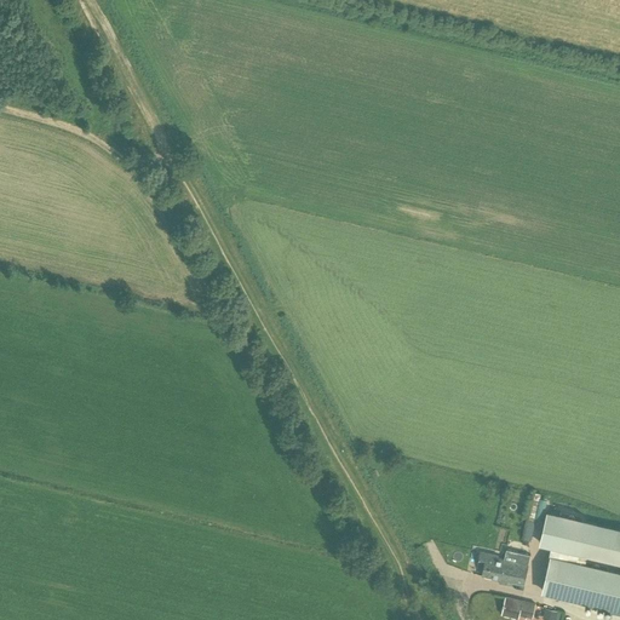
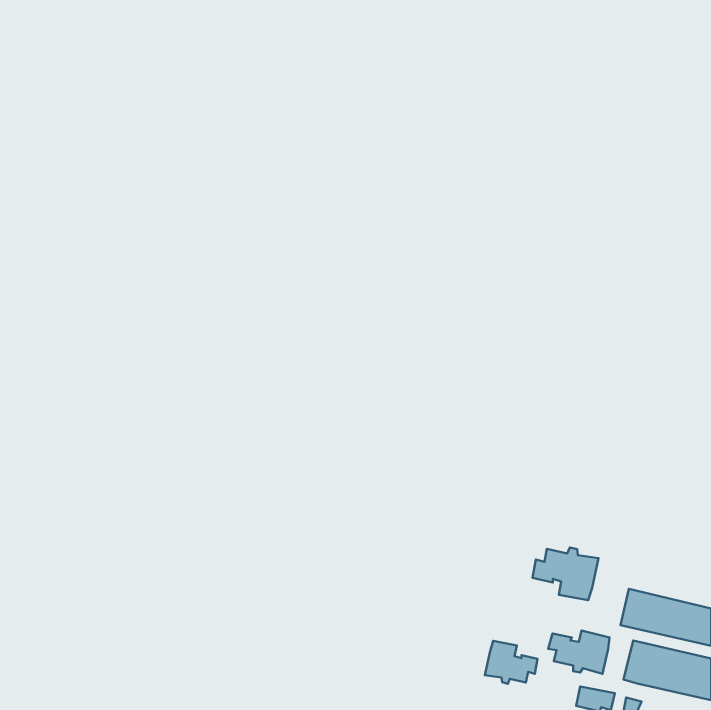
building: none -> [533,547,599,600]
building: none -> [485,641,538,684]

